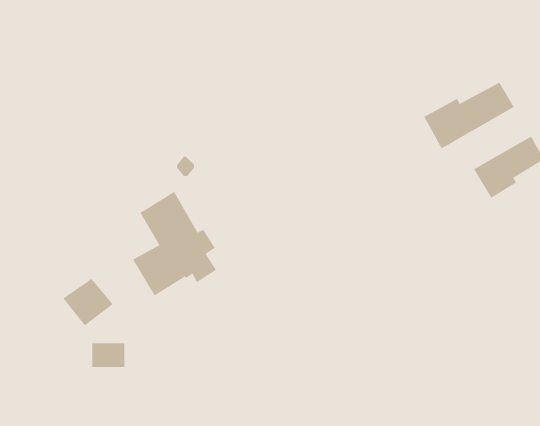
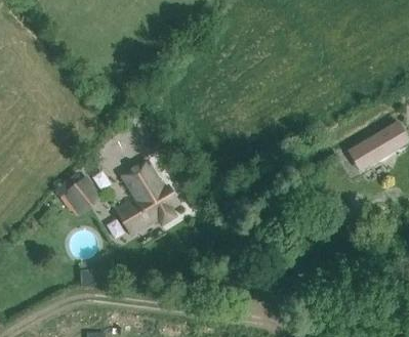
building: [424,82,514,149] -> none
building: [63,278,114,326] -> [64,179,99,213]

